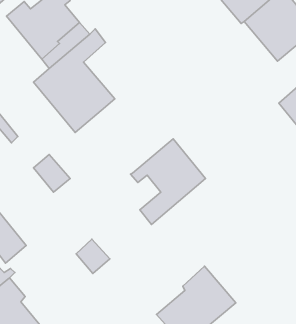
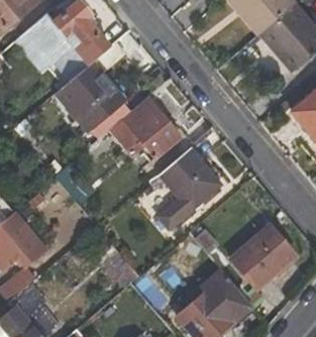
building: none -> [120,96,190,180]
building: none -> [229,225,296,290]

